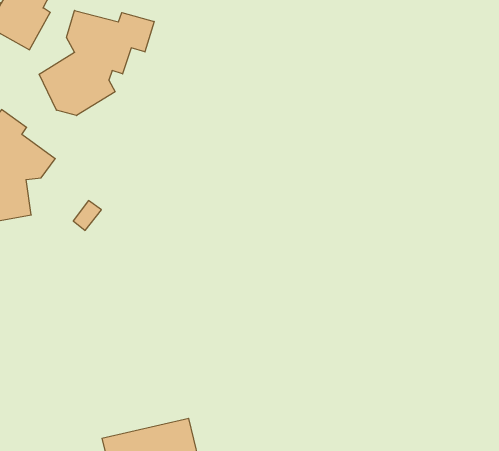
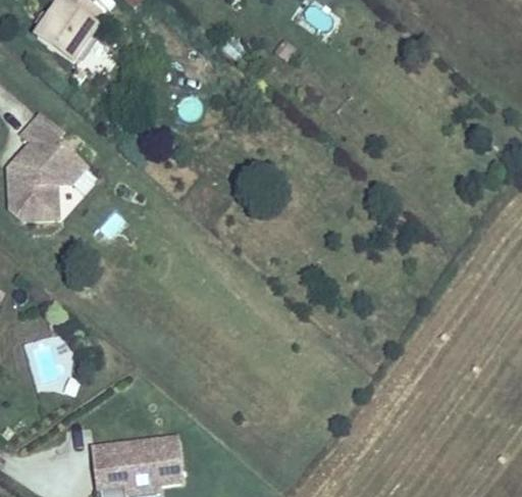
building: [39,10,154,116] -> none

